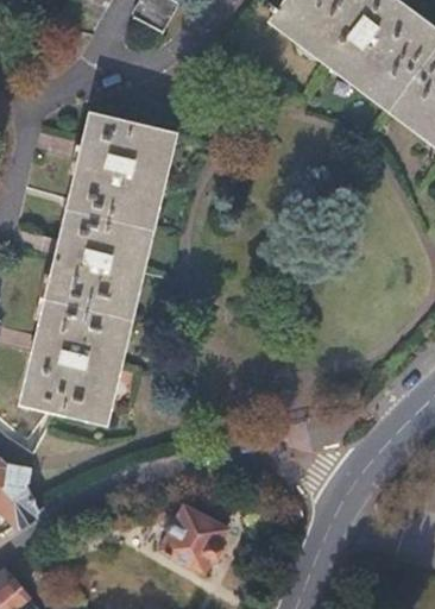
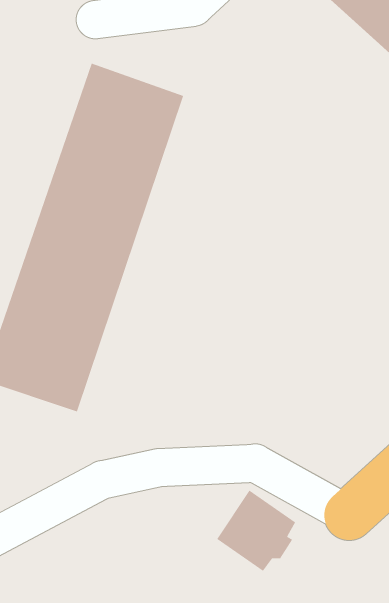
building: [159,503,228,575] -> [216,490,296,572]

